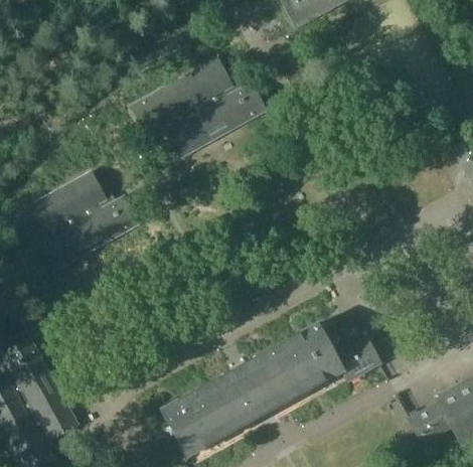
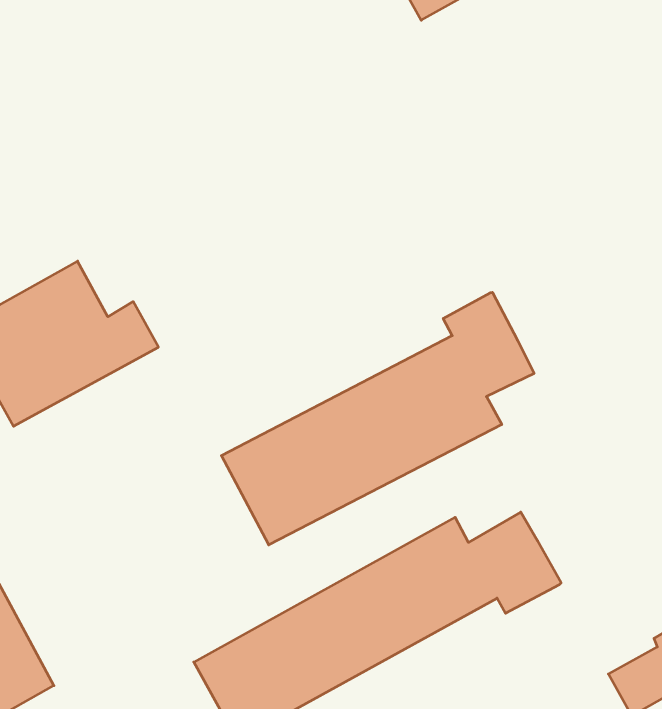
building: [132,56,267,155] -> none
building: none -> [221,292,534,545]

